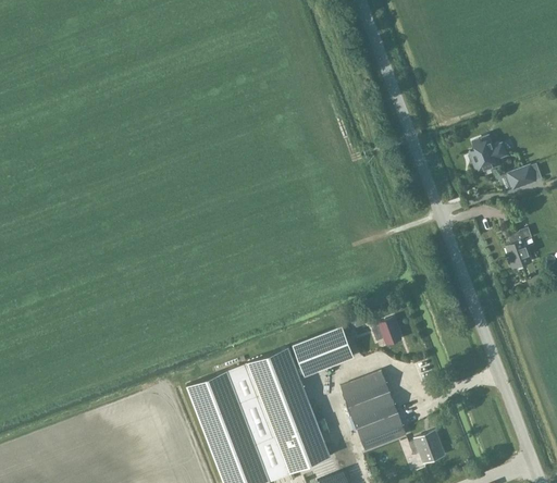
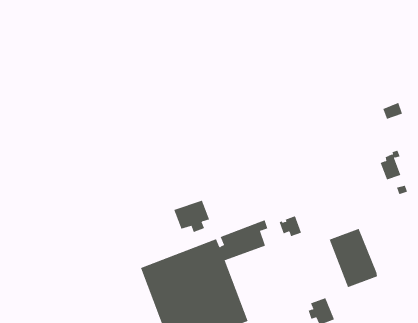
building: [470,138,506,178] -> none
building: none -> [174,200,210,233]
building: [341,372,406,451] -> [329,228,378,288]

